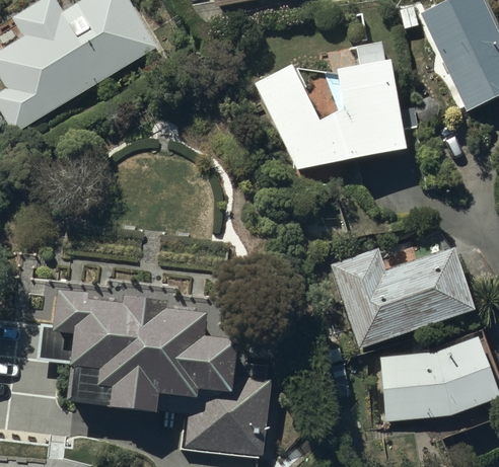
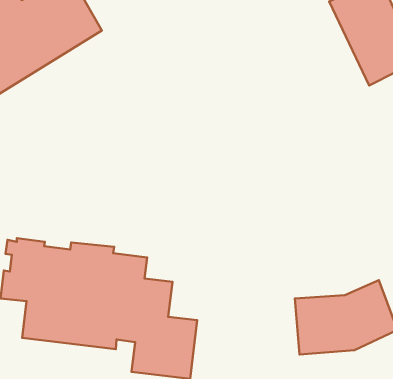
building: [254,41,419,169] -> none
building: [329,246,475,348] -> none

